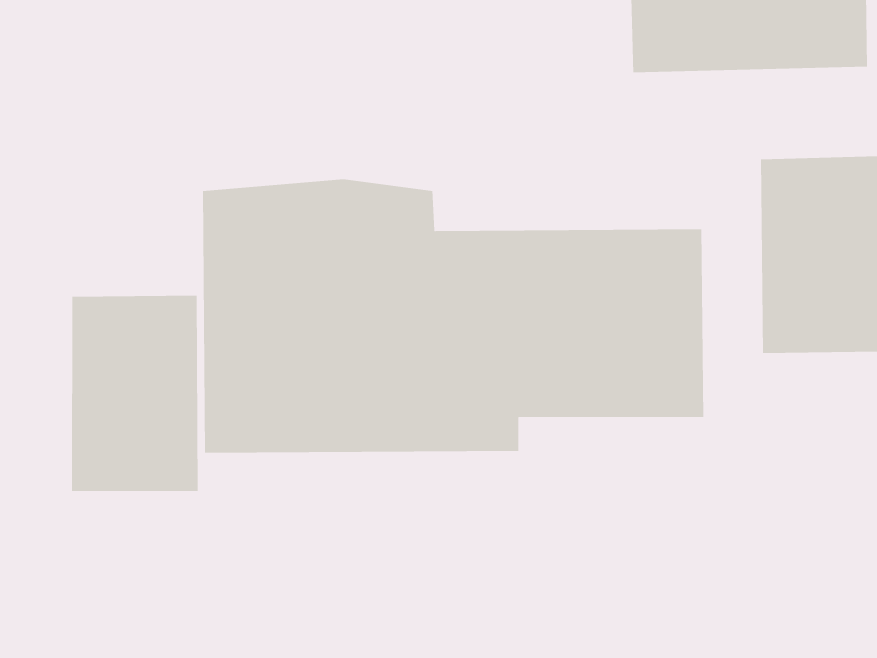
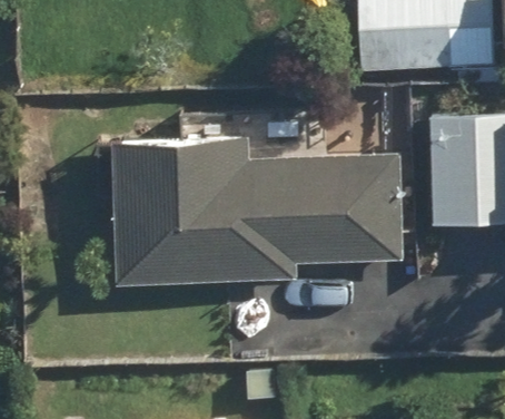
building: [71,295,199,492] -> none

